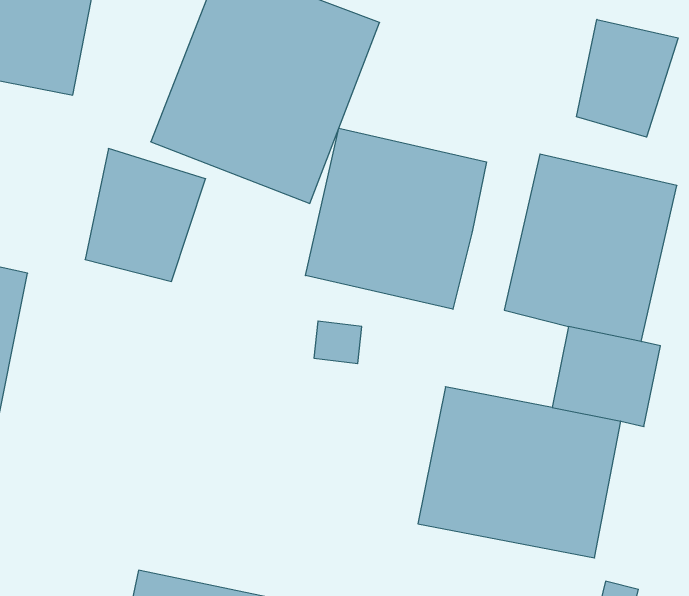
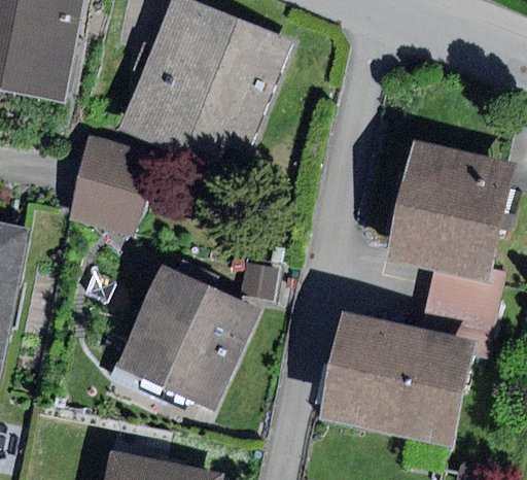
building: [577,19,678,137] -> none
building: [305,128,486,309] -> none
building: none -> [113,263,262,413]

